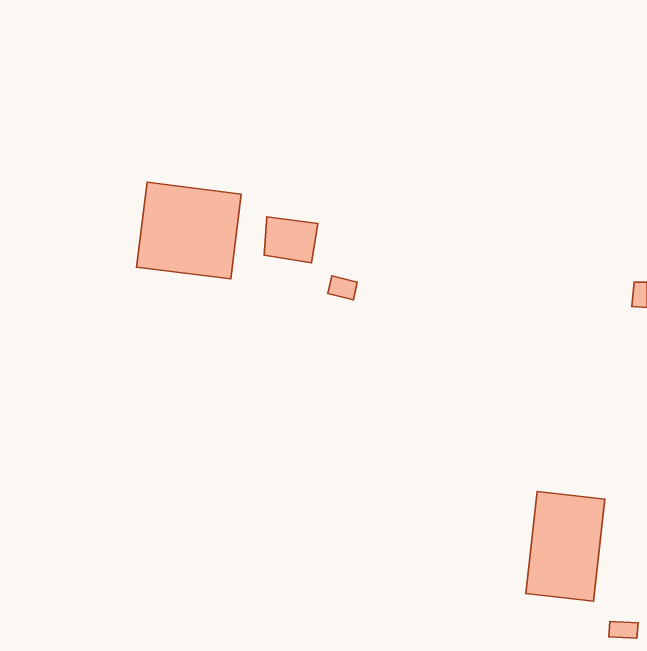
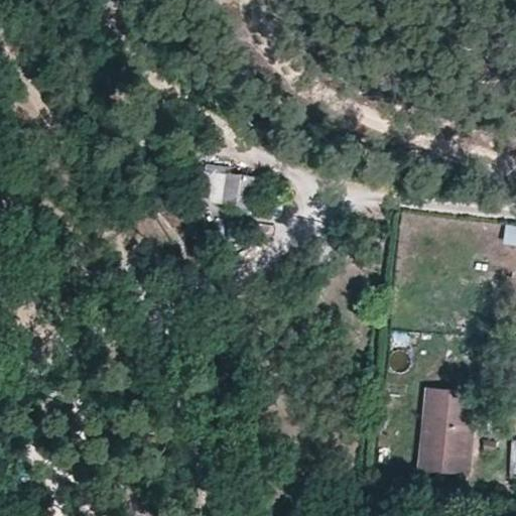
building: [137,182,241,279] -> none

